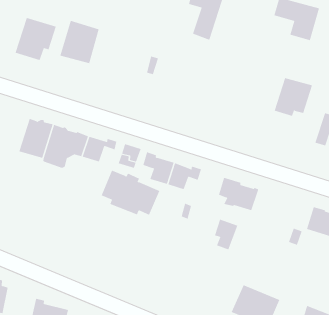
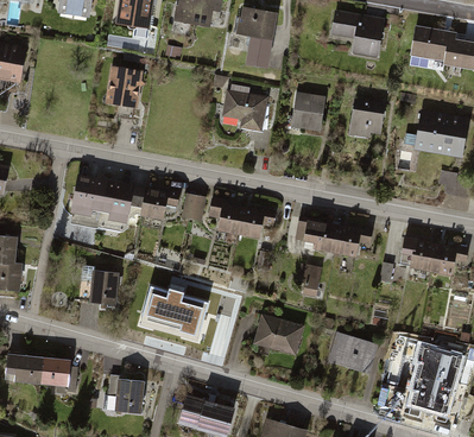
building: [15,17,56,61] -> none
building: none -> [213,74,267,134]
building: none -> [287,94,327,133]
building: [101,170,160,215] -> [143,285,207,331]
building: none -> [335,226,372,254]
building: none -> [87,271,121,308]
building: none -> [252,315,303,356]

